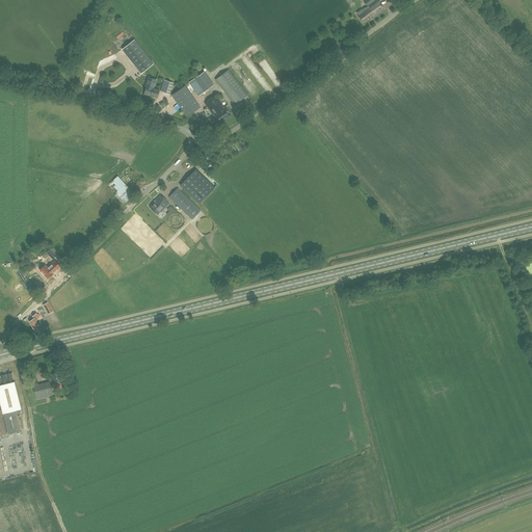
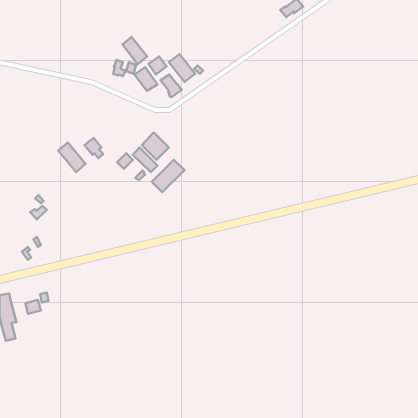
building: [122,38,153,73] -> [123,37,147,64]
building: none -> [58,142,86,172]
building: none -> [152,160,184,192]

